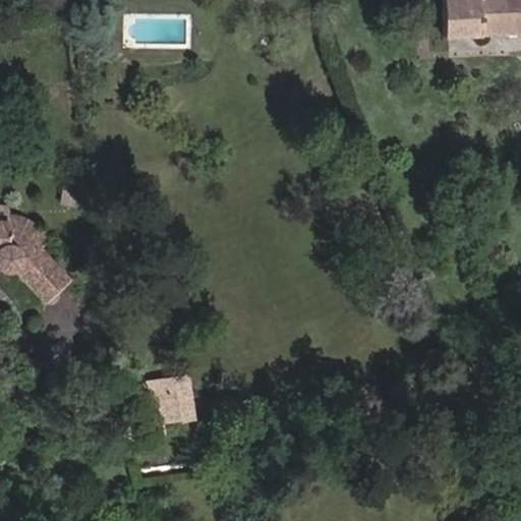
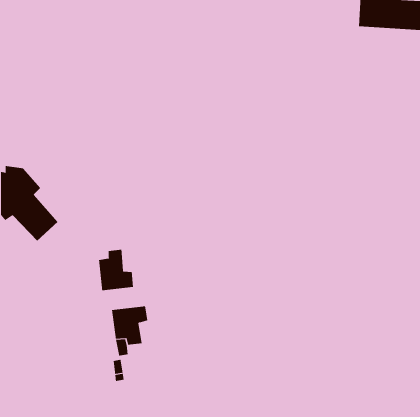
building: none -> [98,249,134,291]

